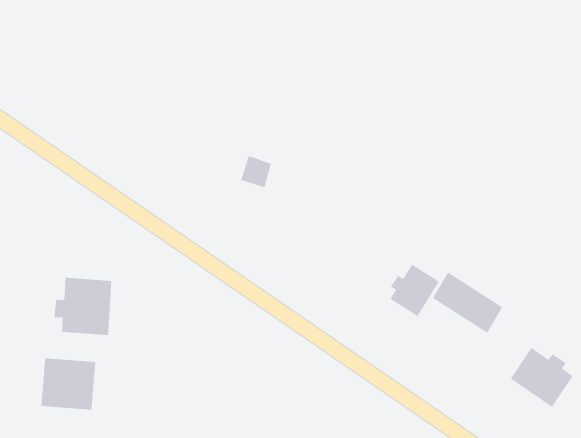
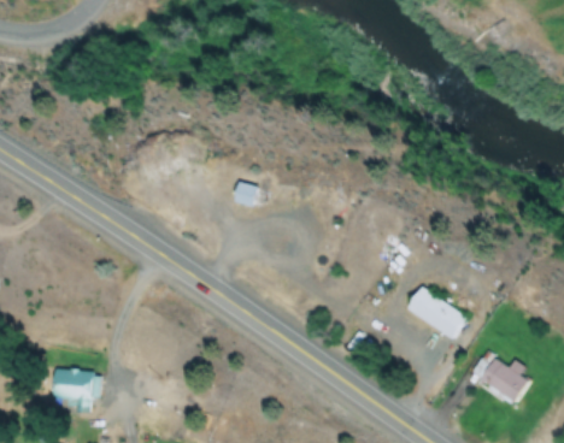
building: [389,263,440,317] -> none
building: [54,277,112,336] -> none

